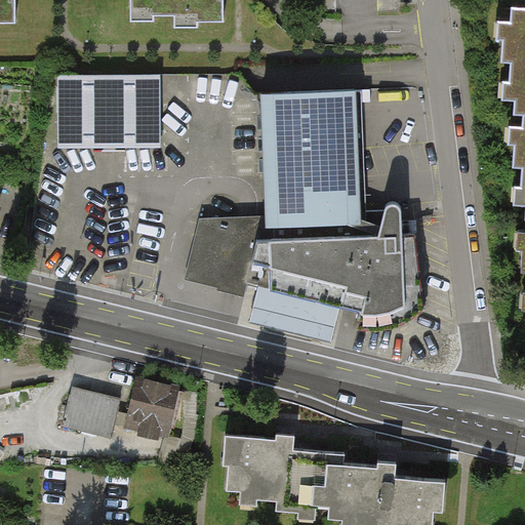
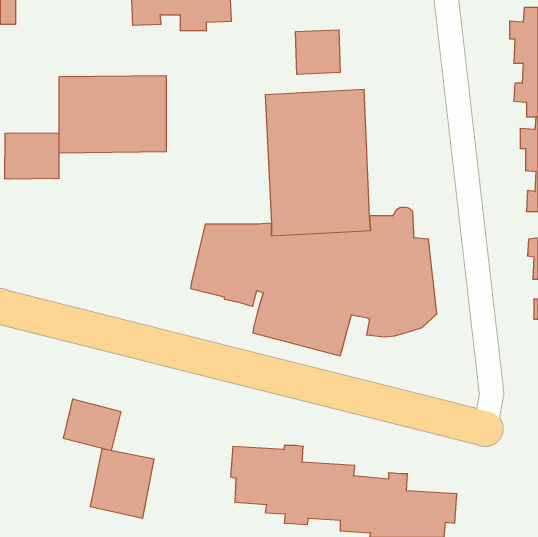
building: none -> [296,30,340,74]
building: none -> [5,133,59,179]
building: [125,374,188,442] -> [90,449,154,518]

